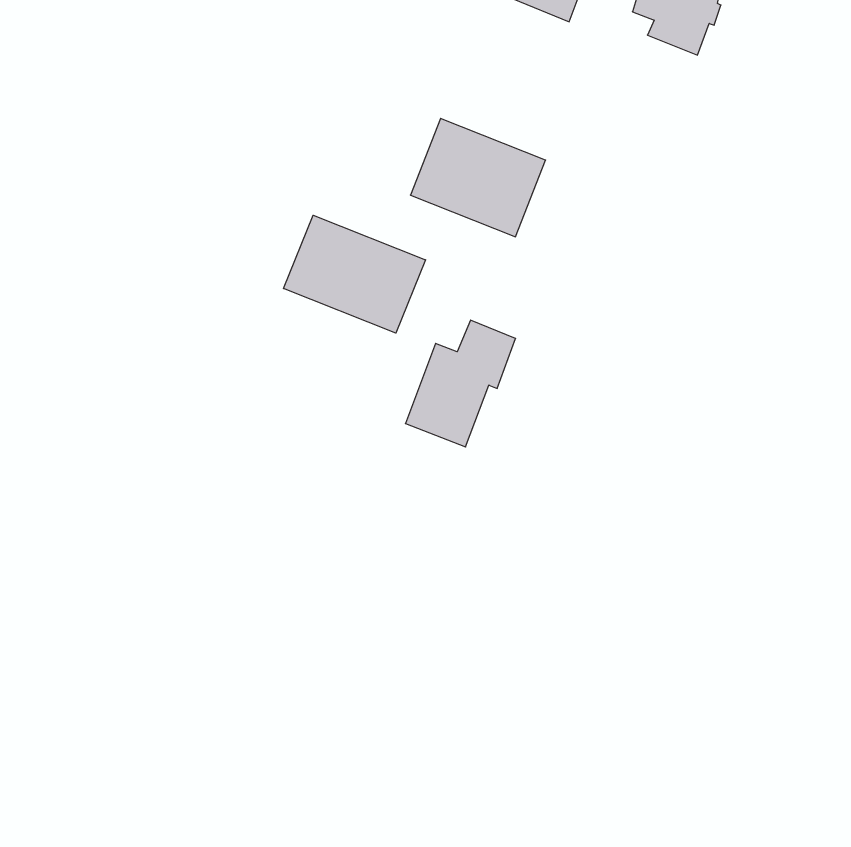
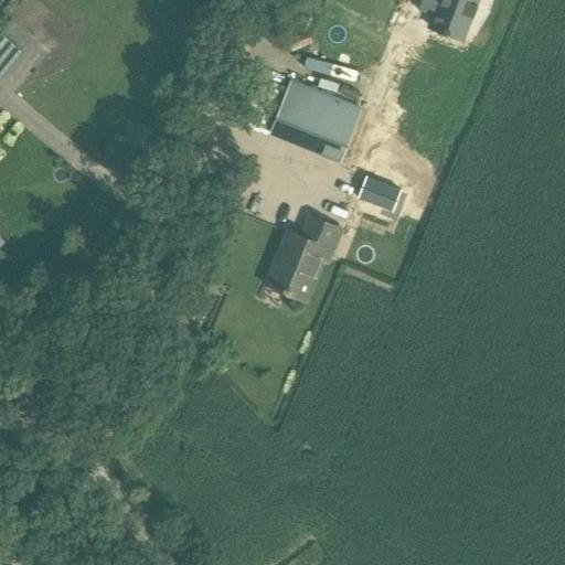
building: [284,215,426,333] -> none
building: none -> [360,173,402,209]

